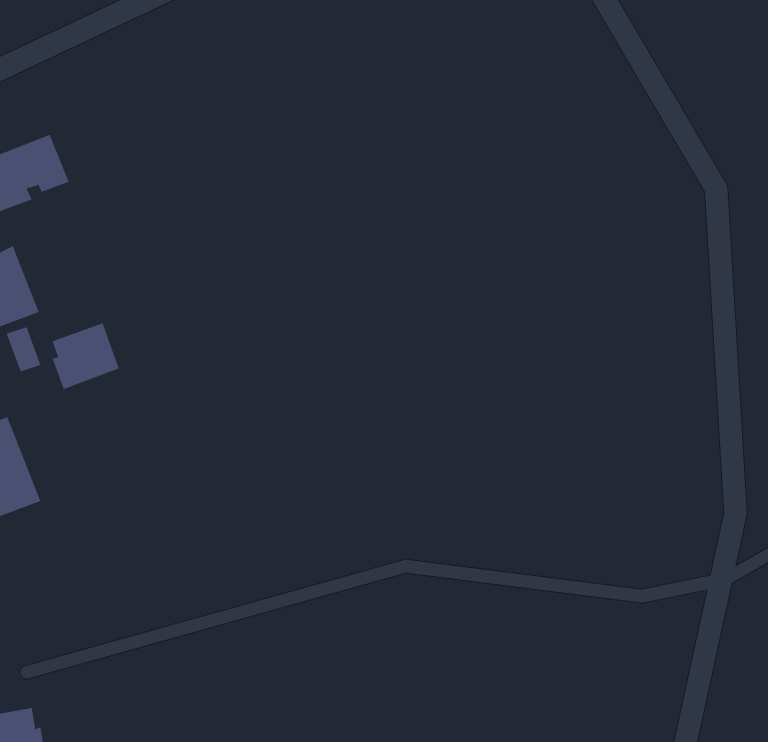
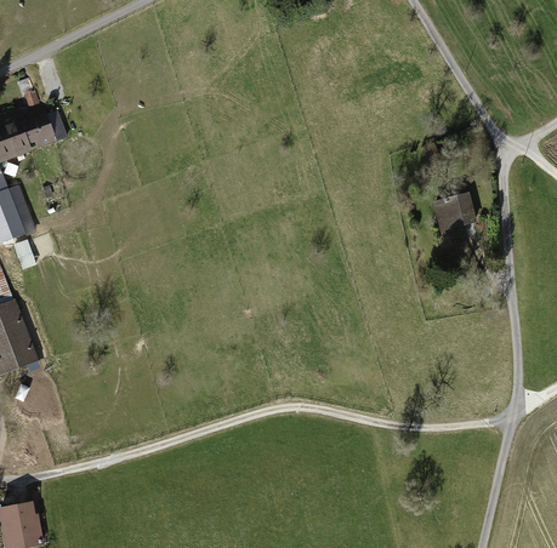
building: none -> [433,194,476,232]
building: [52,323,120,390] -> none

